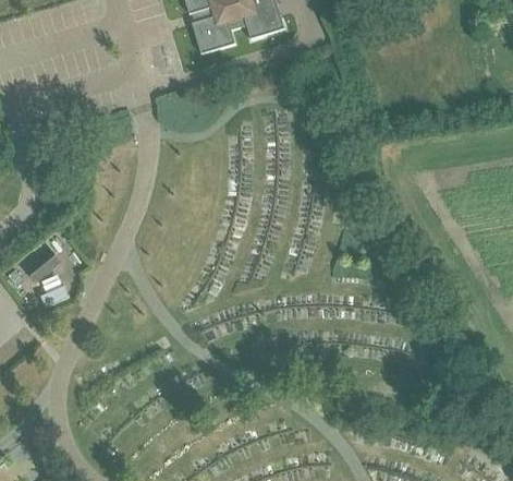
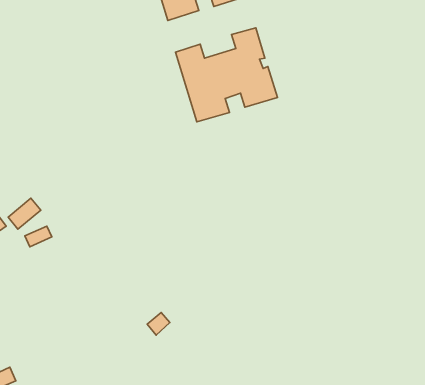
building: none -> [175,28,277,122]

